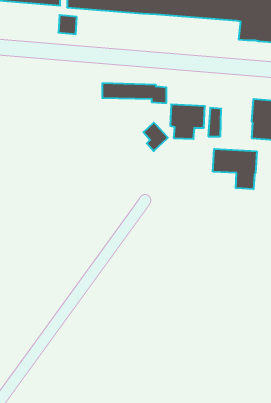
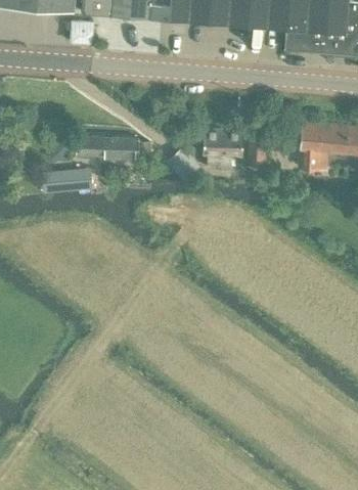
building: [102,83,166,103] -> [76,137,151,161]
building: none -> [44,166,91,189]
building: [213,149,257,189] -> none

